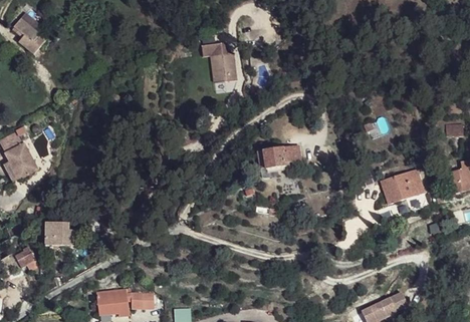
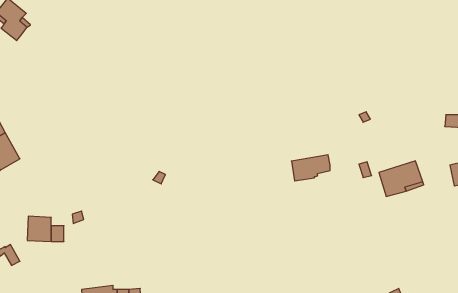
building: [201,42,234,82] -> none
building: [263,144,300,170] -> [291,155,330,181]

